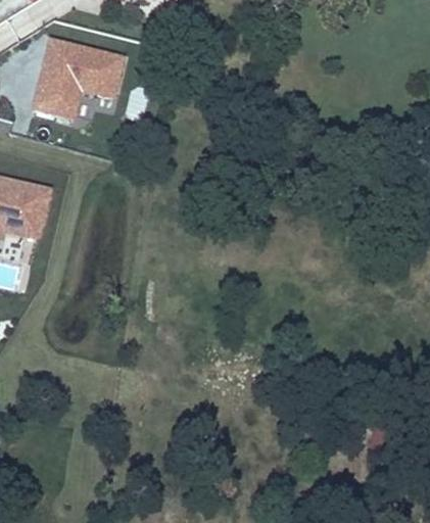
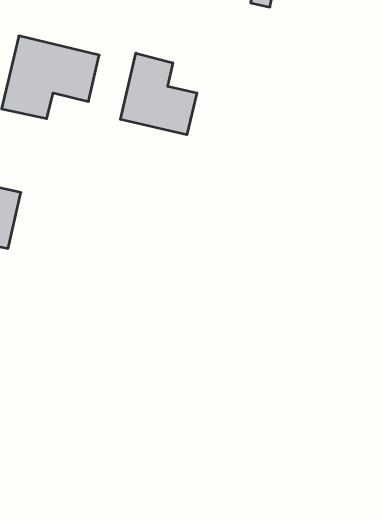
building: none -> [120,53,197,135]

